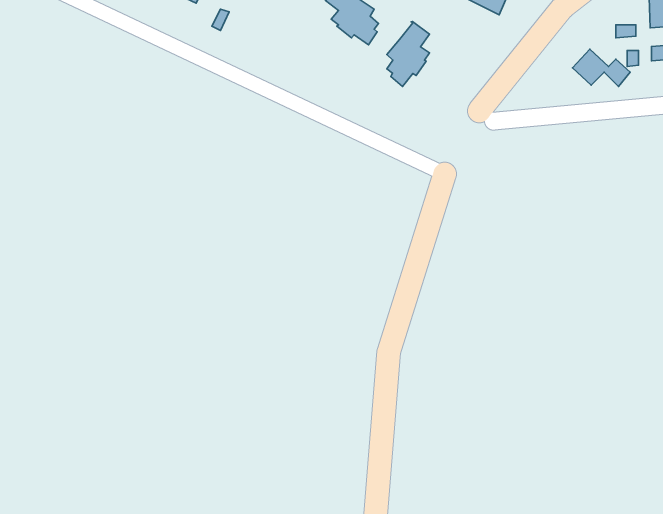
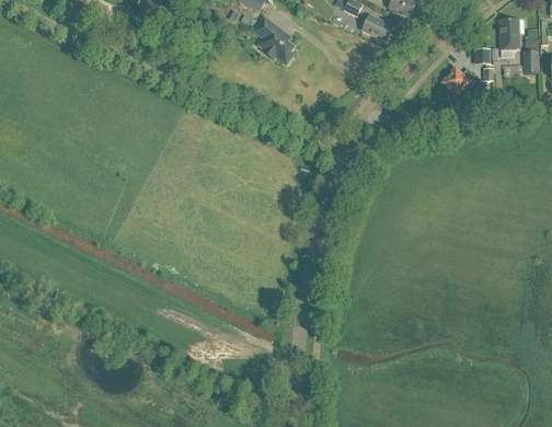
building: [387,22,430,86] -> none

